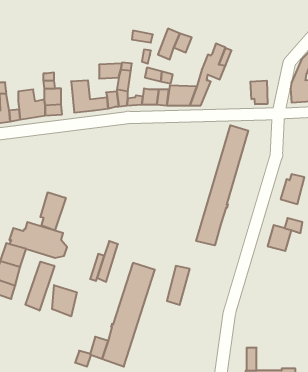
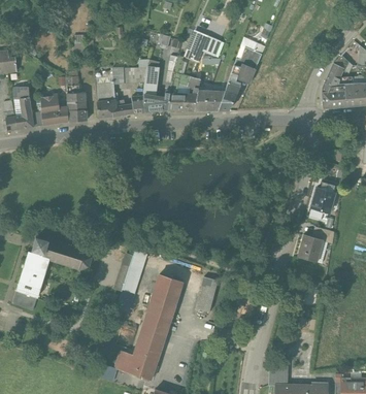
building: [250,81,267,104] -> none
building: [196,125,248,245] -> none
building: [40,192,66,231] -> none
building: [25,262,54,311] -> none
building: [52,285,77,316] -> none

